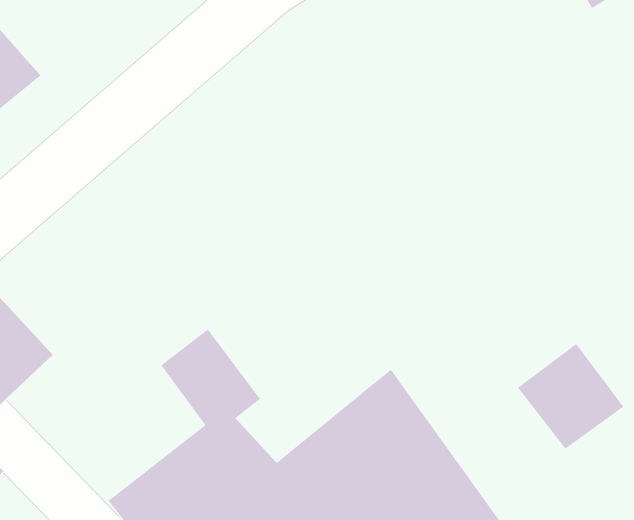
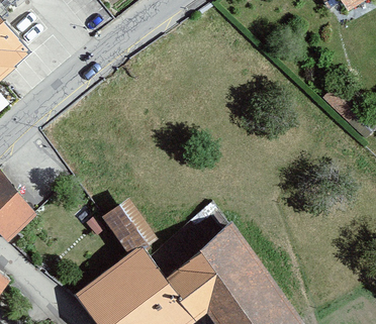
building: [517,343,624,449] -> none

